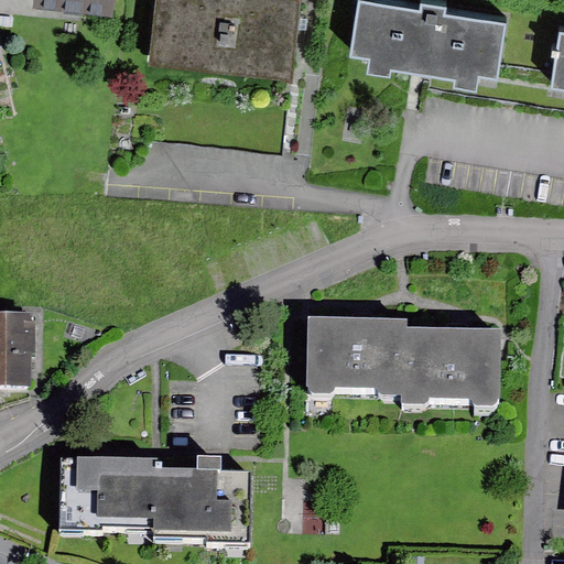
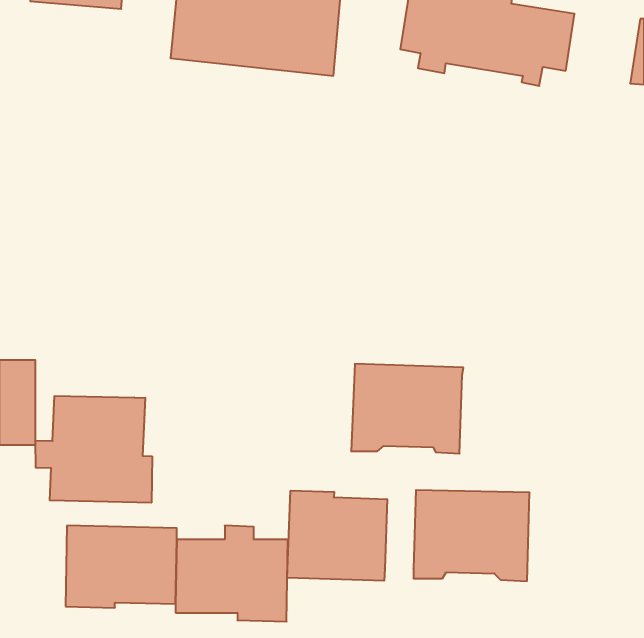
building: [401,327,502,406] -> [413,490,530,581]
building: none -> [35,396,152,503]
building: none -> [287,491,387,581]

